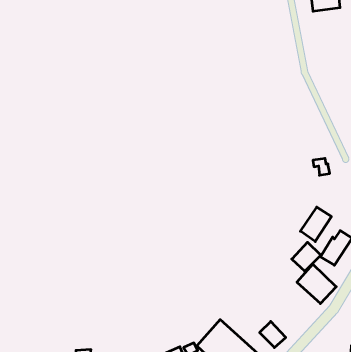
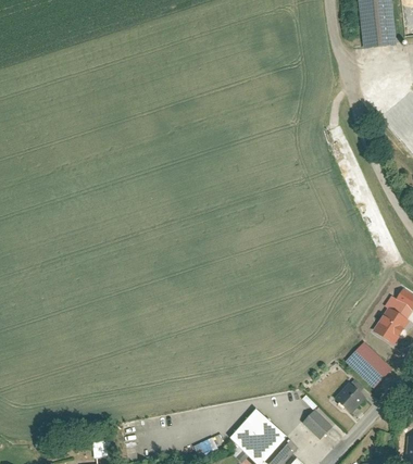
building: [300,207,331,242] -> none
building: [292,242,321,271] -> [333,379,366,413]

